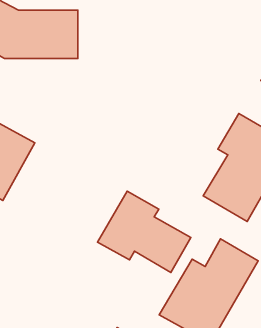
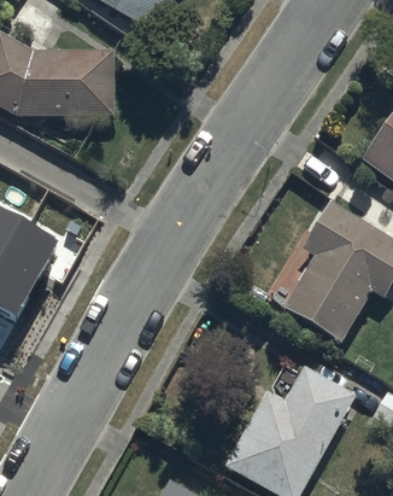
building: [97,191,191,272] -> none

